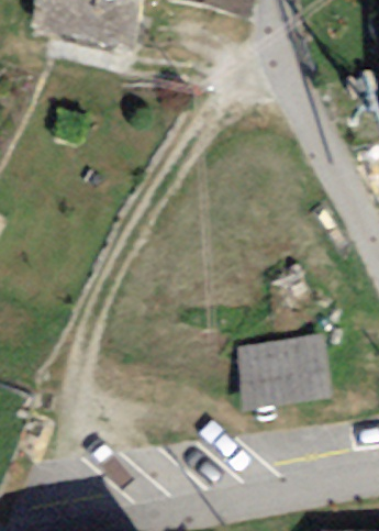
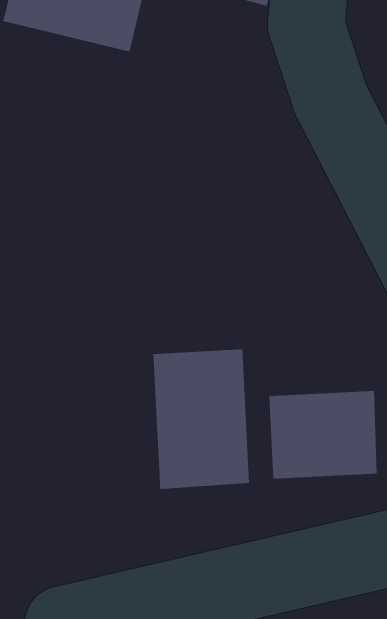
building: none -> [153,349,250,490]

